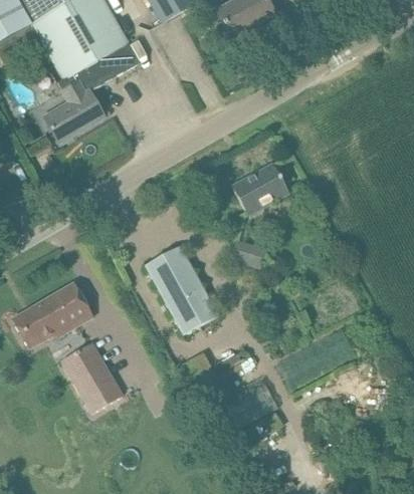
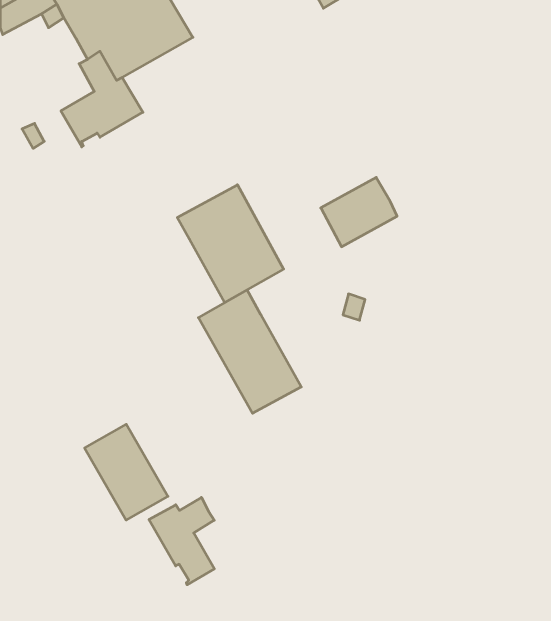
building: none -> [177,185,284,303]
building: [11,281,93,347] -> none
building: none -> [149,497,214,585]

